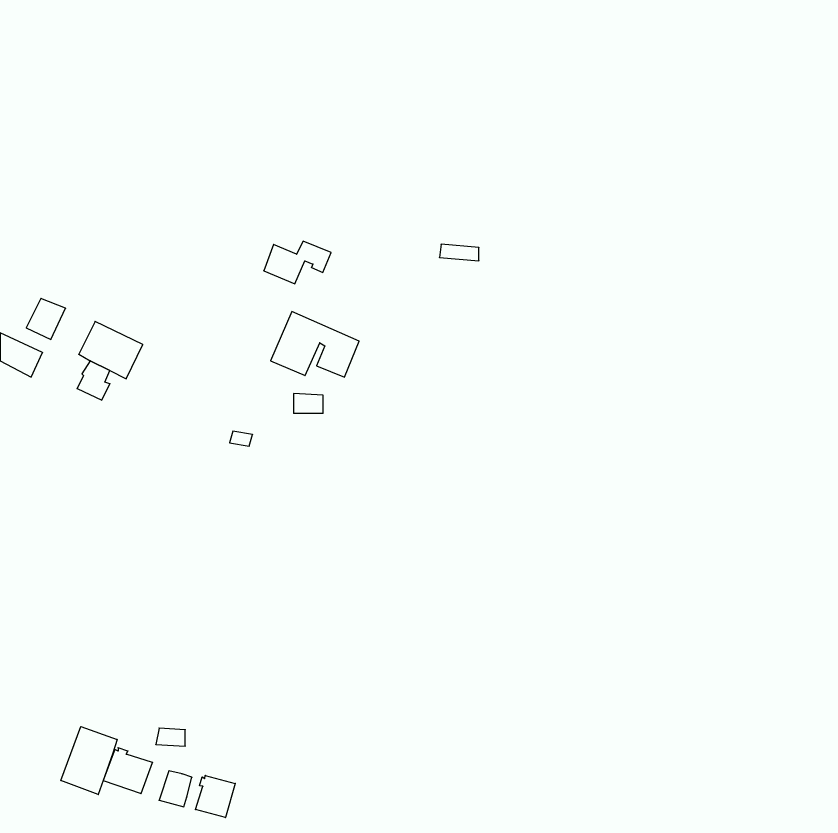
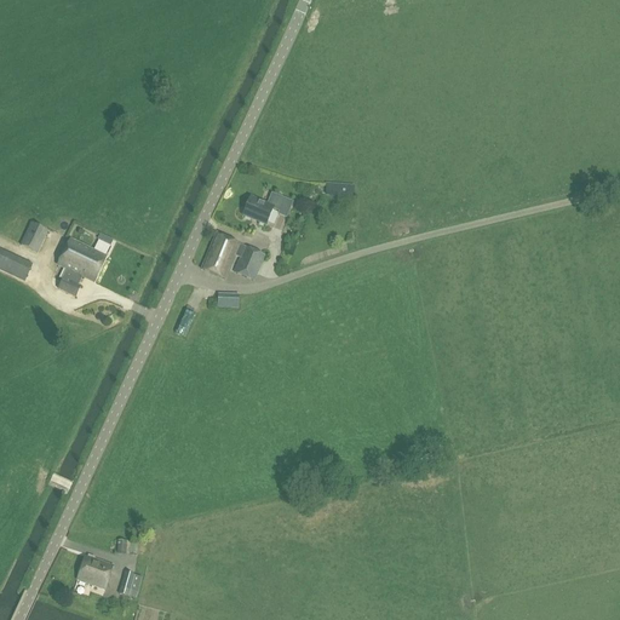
building: [264,241,331,284] -> [242,191,292,223]
building: [61,727,117,795] -> none
building: [195,775,235,818] -> none

